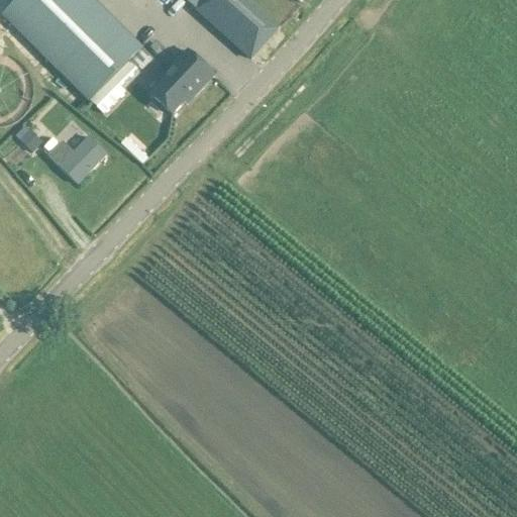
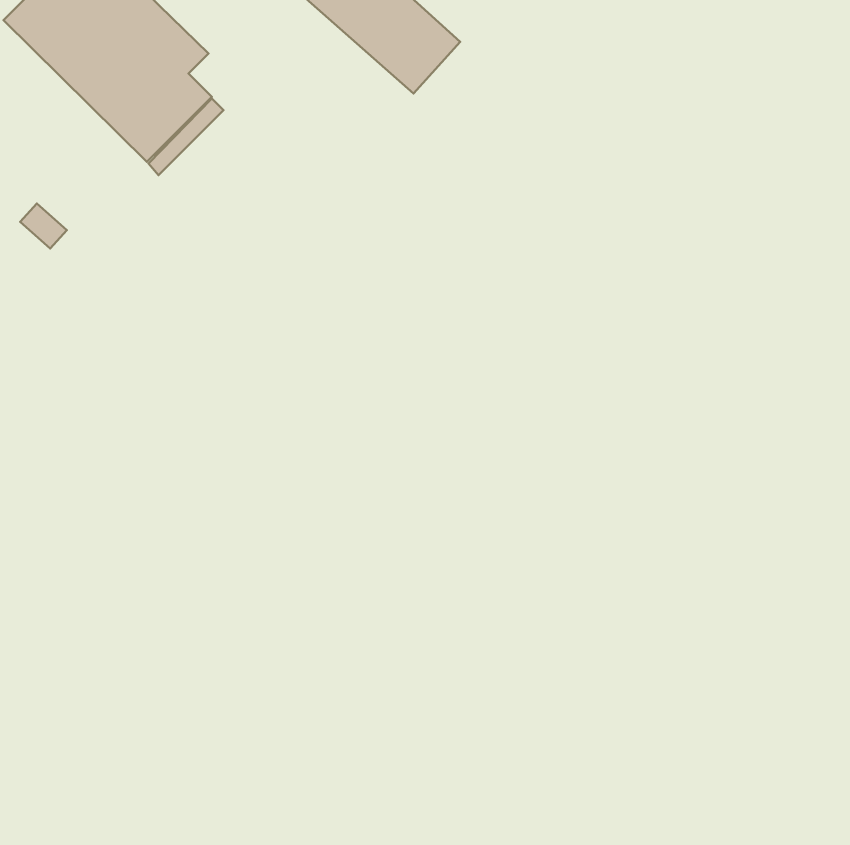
building: [149,48,213,113] -> none
building: [47,135,105,183] -> none

